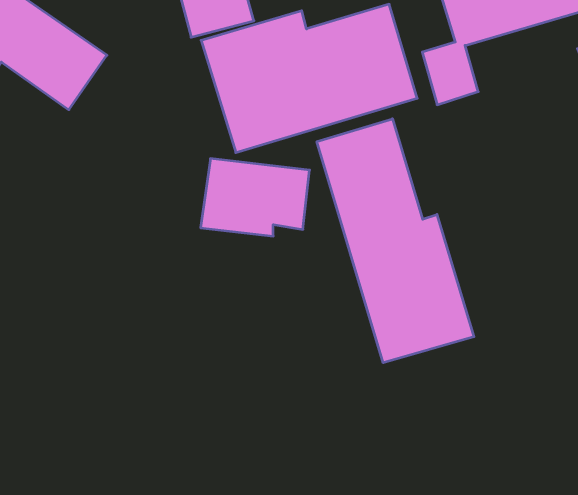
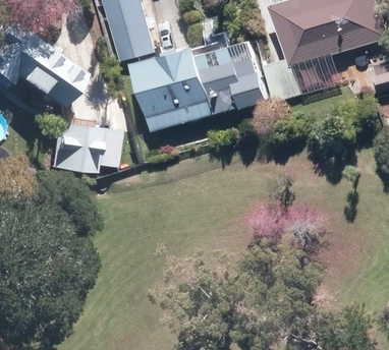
building: [317,119,474,363] -> none
building: [201,159,310,236] -> [47,123,114,171]

